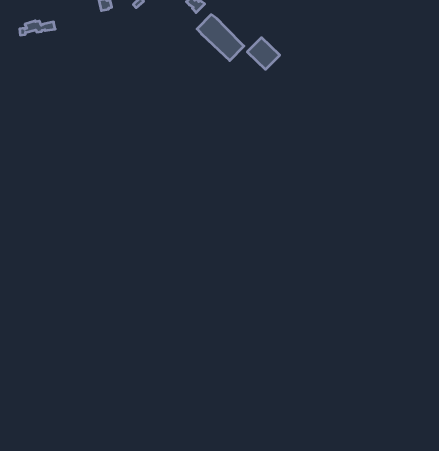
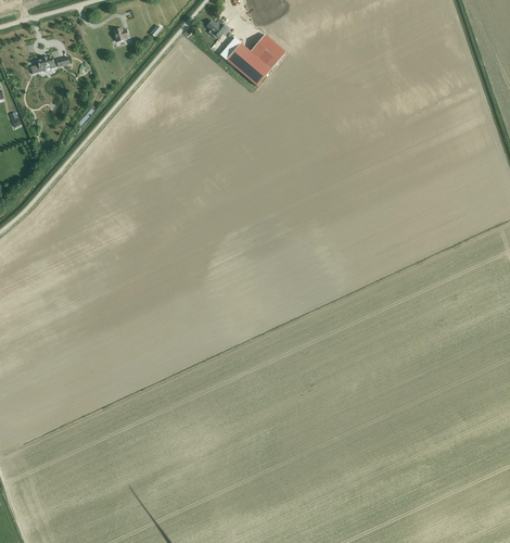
building: [247,38,280,69] -> [251,35,285,68]

